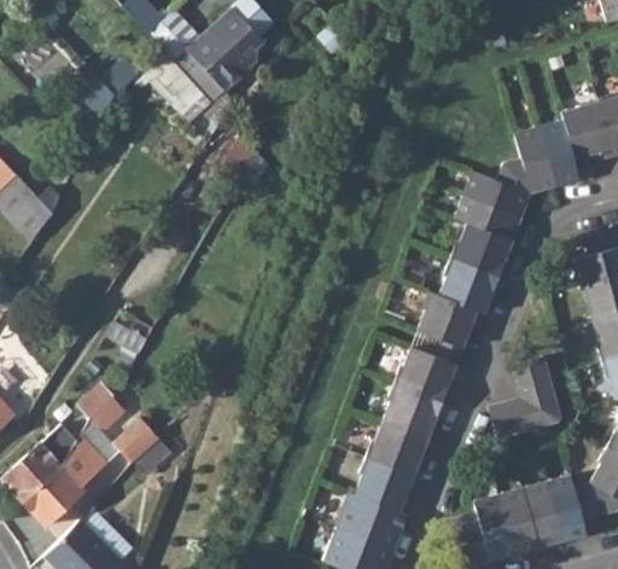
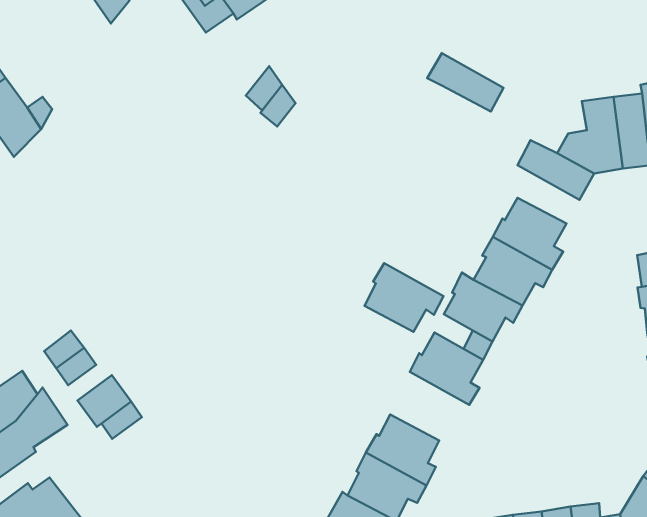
building: [455,194,521,239] -> [427,53,504,112]
building: [489,356,561,439] -> none
building: [383,383,449,439] -> [365,263,443,332]

